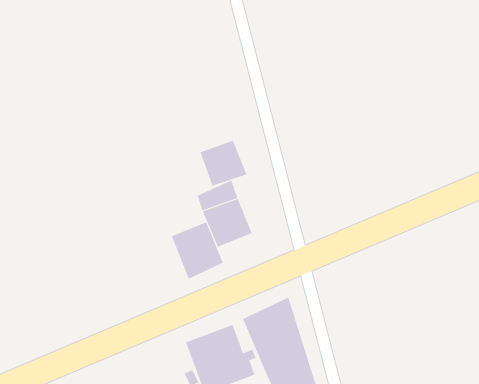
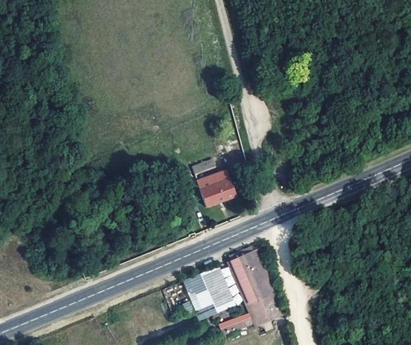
building: [200,140,247,187] -> none
building: [171,222,223,280] -> none

